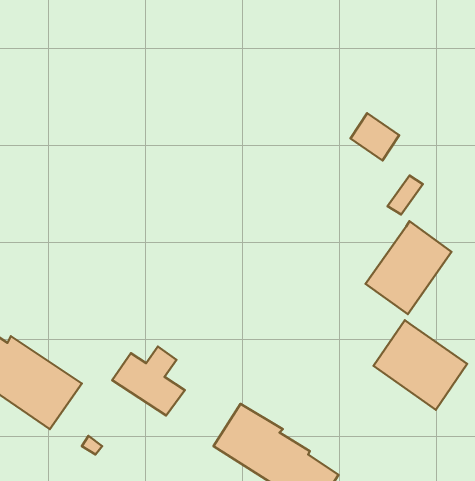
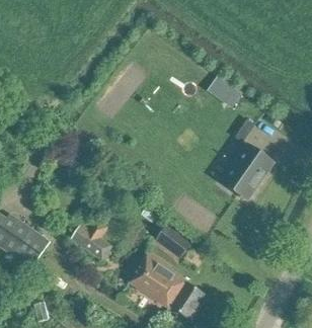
building: [373,320,467,410] -> none
building: none -> [154,223,193,260]

